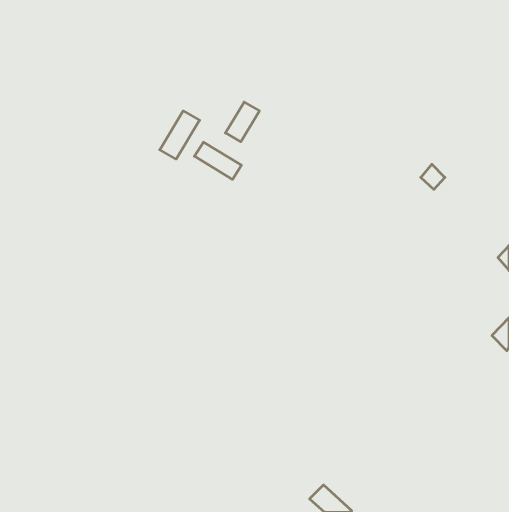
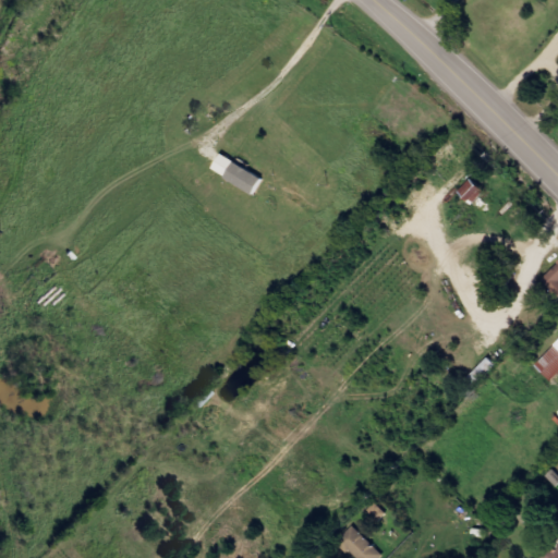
building: [225,102,259,142] -> none
building: [160,111,200,159] -> none

